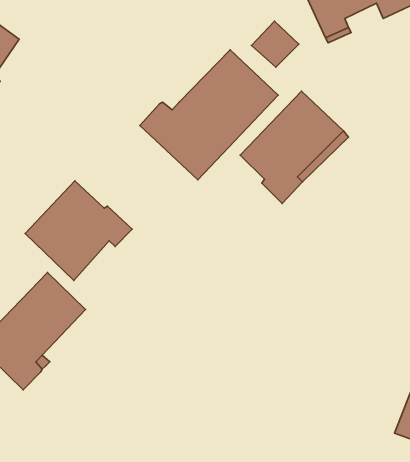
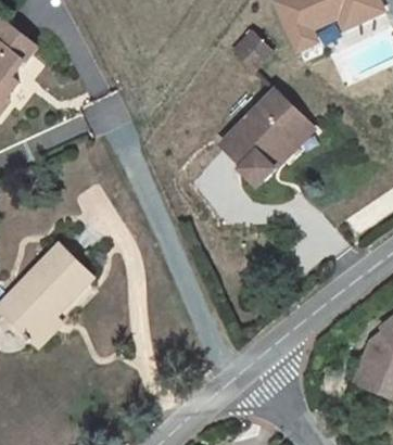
building: [140,50,278,180] -> none
building: [25,181,132,281] -> none

